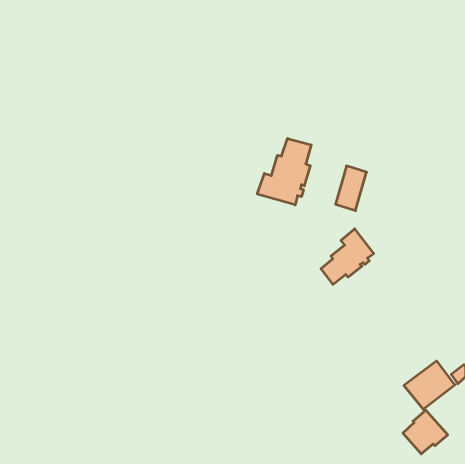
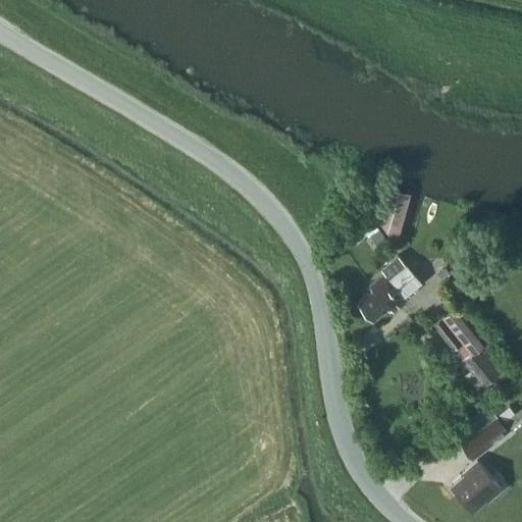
building: [257,138,311,205] -> none
building: none -> [432,312,504,393]

